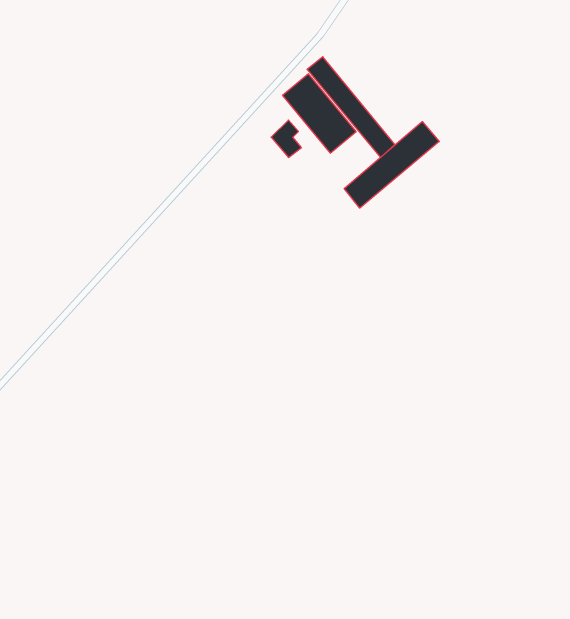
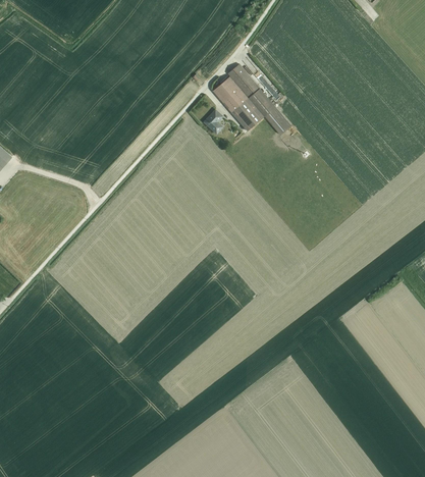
building: [344,122,439,208] -> none

